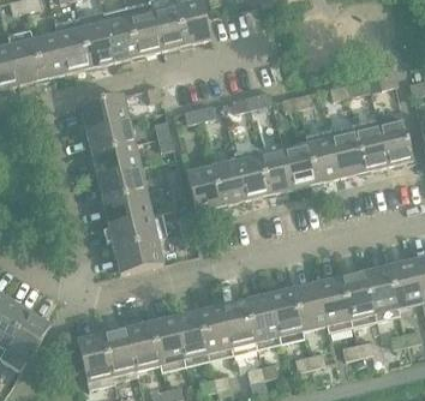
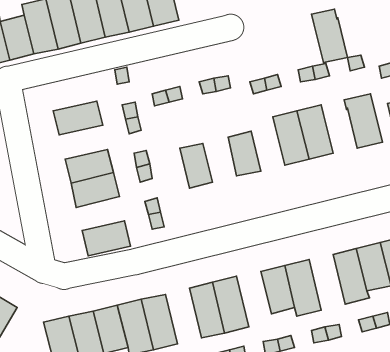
building: [82,94,130,128] -> none
building: [353,118,389,170] -> [311,9,348,62]
building: [92,143,140,176] -> none
building: [283,144,317,188] -> none
building: [234,145,269,199] -> none
building: [187,166,222,211] -> none
building: [109,211,167,247] -> none
building: [341,271,377,327] -> none
building: [269,288,305,343] -> none
building: [198,305,234,360] -> none

